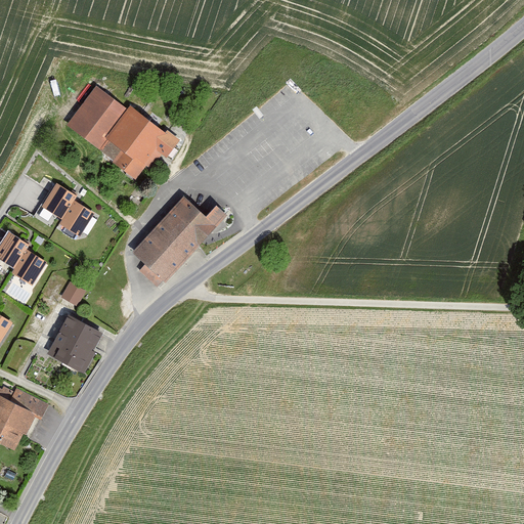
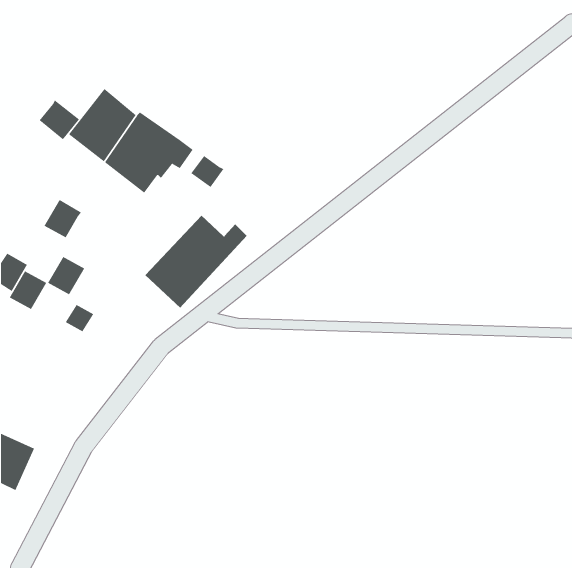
building: none -> [39,100,80,140]
building: none -> [190,155,224,188]
building: [57,199,92,234] -> [47,256,85,295]
building: [44,315,100,373] -> none

